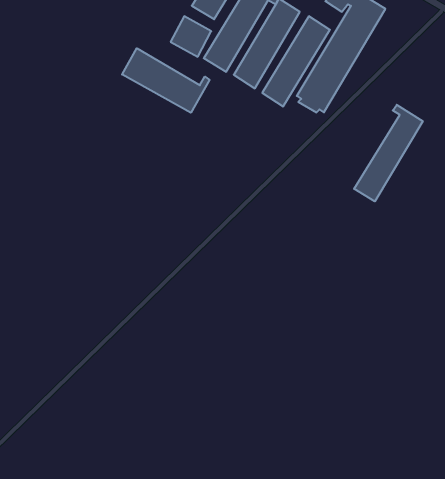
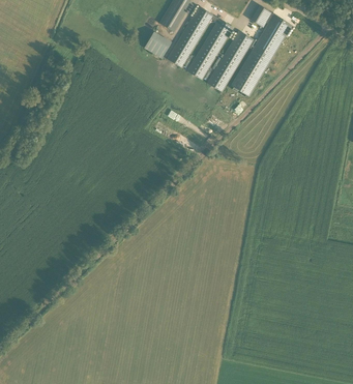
building: [122,48,210,113] -> none
building: [354,105,423,201] -> none

